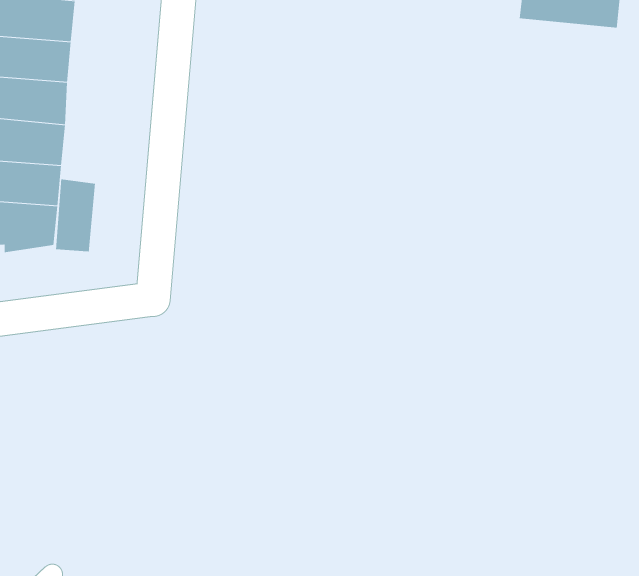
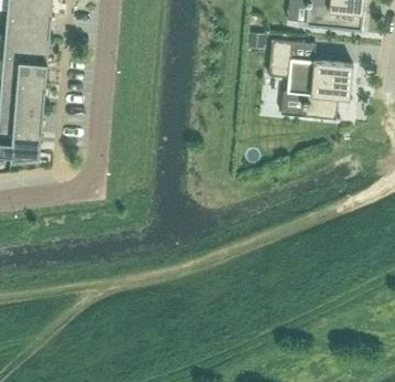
building: none -> [268,40,352,119]
building: [56,178,96,252] -> none

